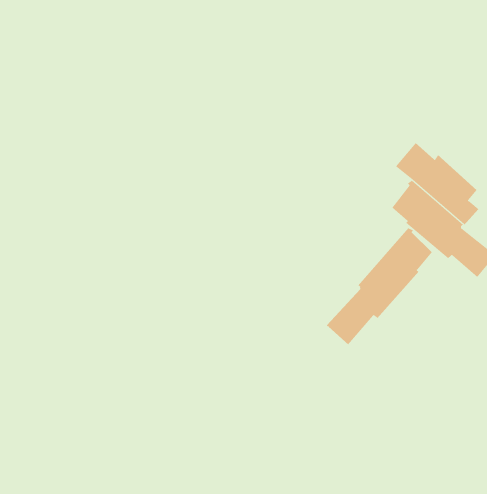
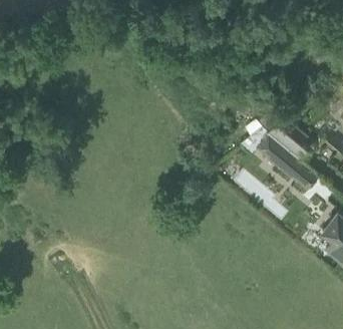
building: [326,227,433,345] -> none

